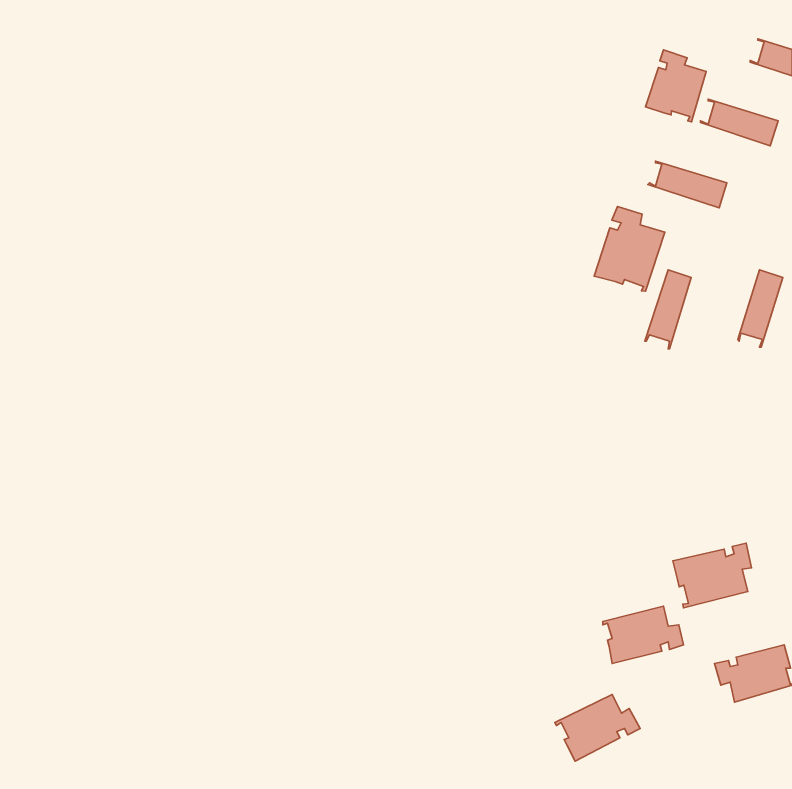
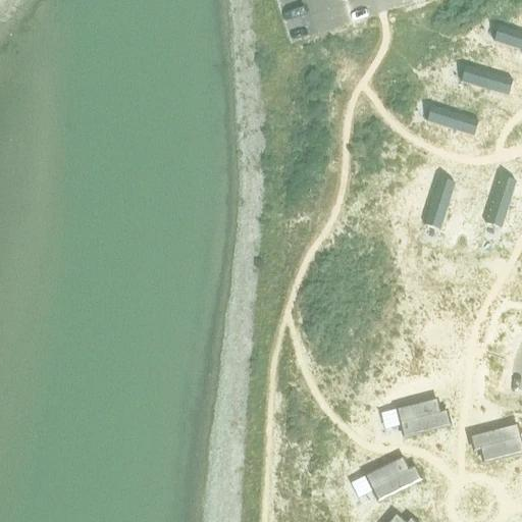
building: [646,50,706,122] -> none
building: [594,207,665,291] -> none
building: [673,543,752,608] -> none

